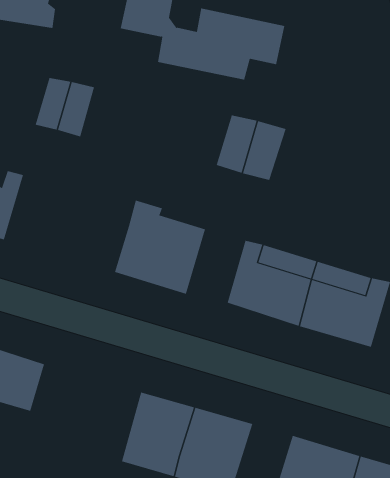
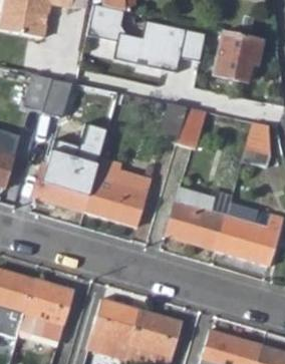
building: none -> [216,31,262,83]
building: none -> [32,120,108,213]
building: none -> [243,120,271,167]
building: none -> [17,279,73,341]

